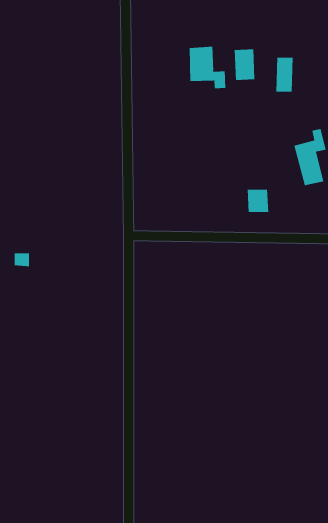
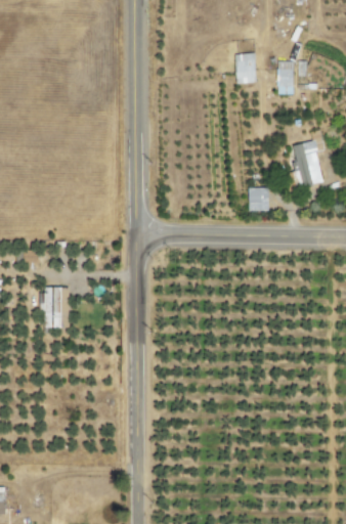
building: [189,46,226,89] -> none
building: none -> [43,288,70,329]

